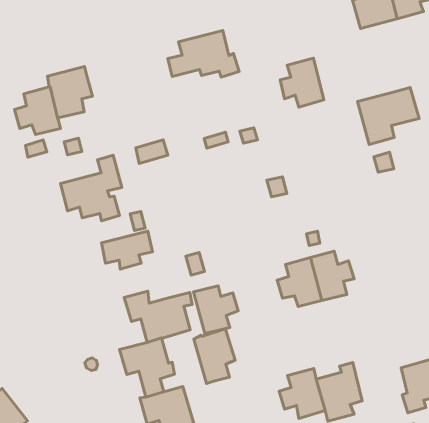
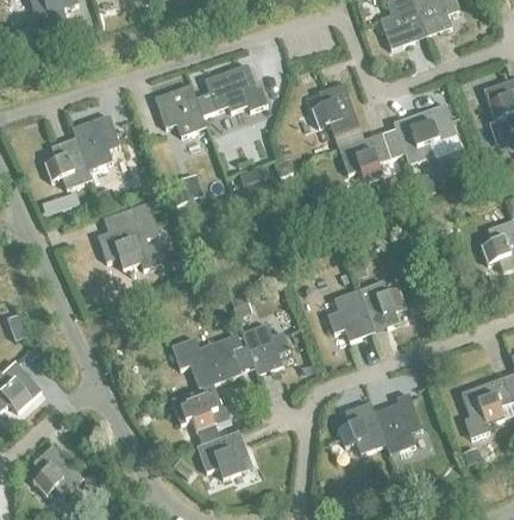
building: none -> [155,83,205,134]
building: none -> [338,133,388,180]
building: [101,231,152,269] -> none
building: [194,328,235,384] -> none

